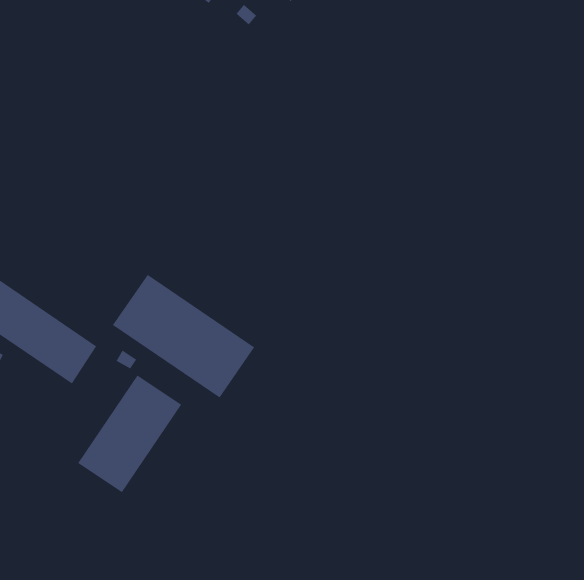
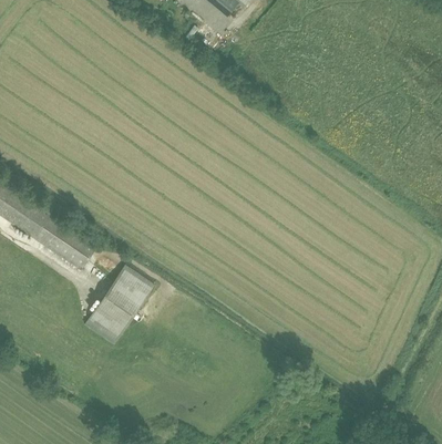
building: [112,274,255,399] -> none

